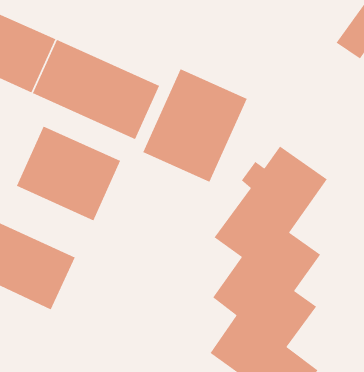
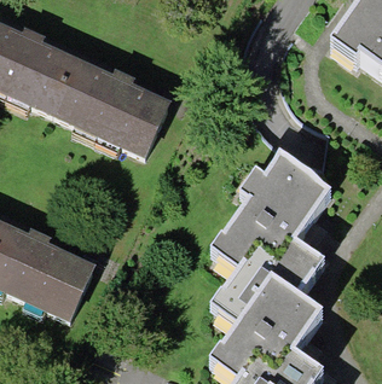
building: [142,68,248,183] -> none
building: [16,125,121,221] -> none

